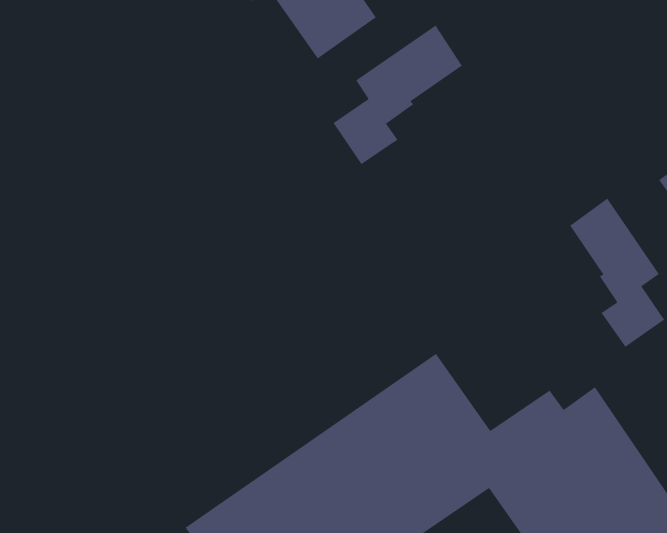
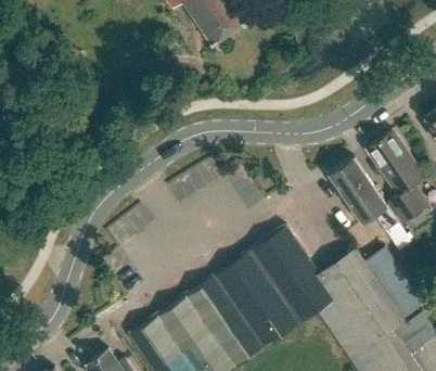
building: [332,24,463,165] -> none
building: none -> [330,158,398,232]

